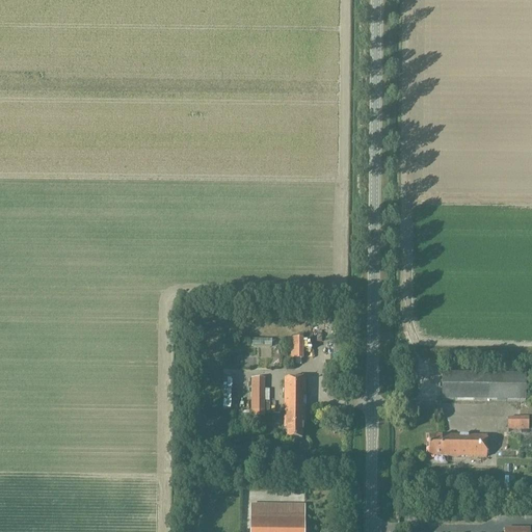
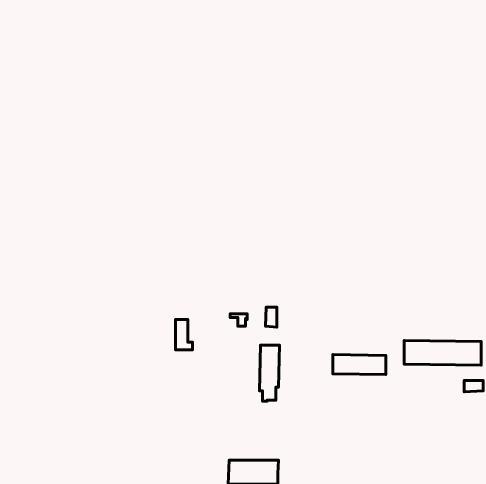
building: [250,376,269,409] -> [175,319,192,350]
building: [428,433,486,455] -> [333,355,386,375]

